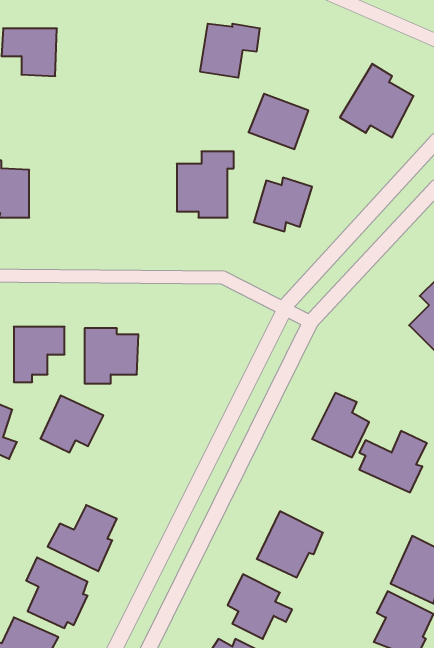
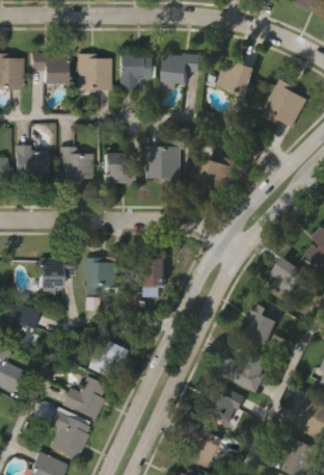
building: none -> [78,52,112,89]
building: none -> [118,53,157,90]
building: [248,94,308,149] -> [218,59,259,97]
building: none -> [59,147,92,184]
building: none -> [104,151,141,184]
building: none -> [147,258,166,287]
building: none -> [270,258,305,300]
building: [40,396,103,452] -> [85,337,128,375]
building: [359,431,427,492] -> [223,351,269,393]

